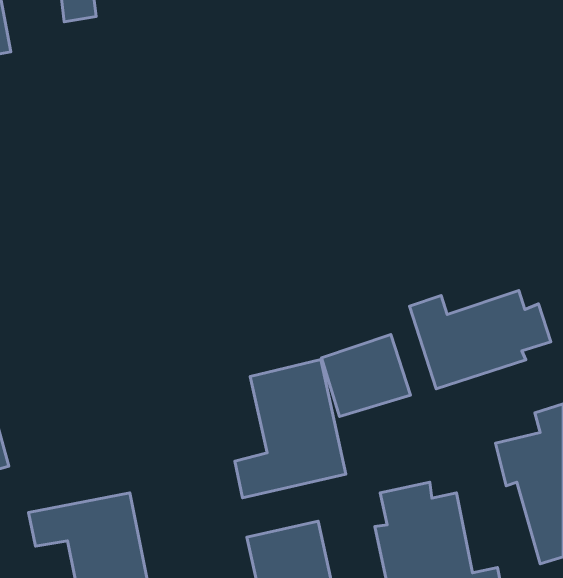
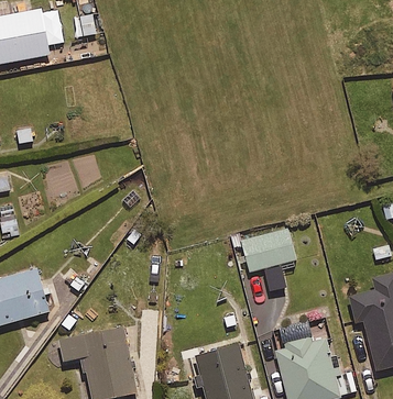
building: [409,290,551,389] -> none
building: [235,360,346,498] -> none

